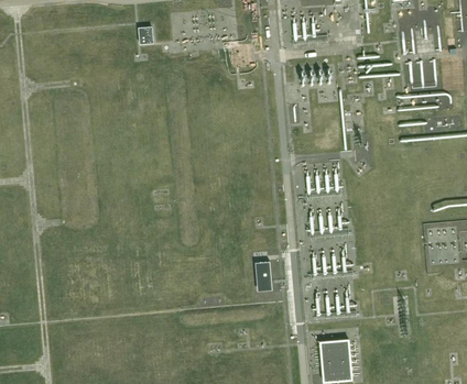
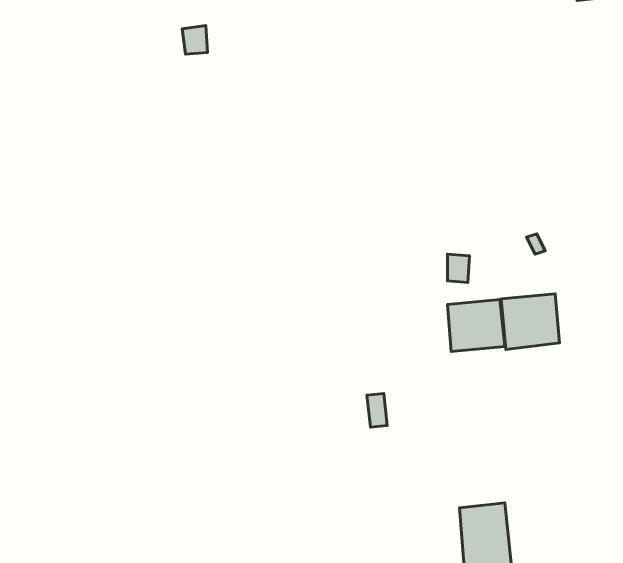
building: none -> [501,294,560,350]

